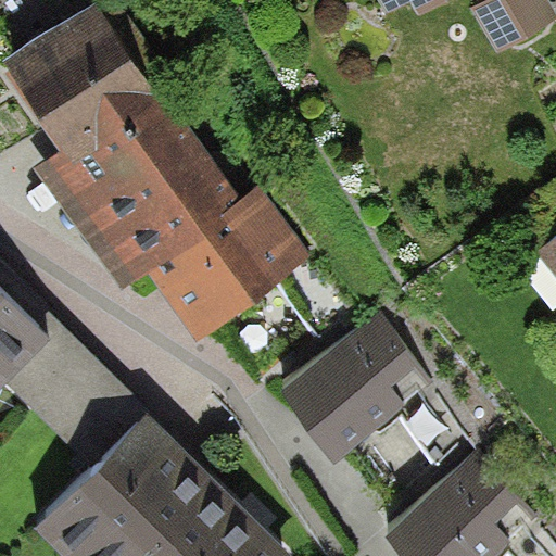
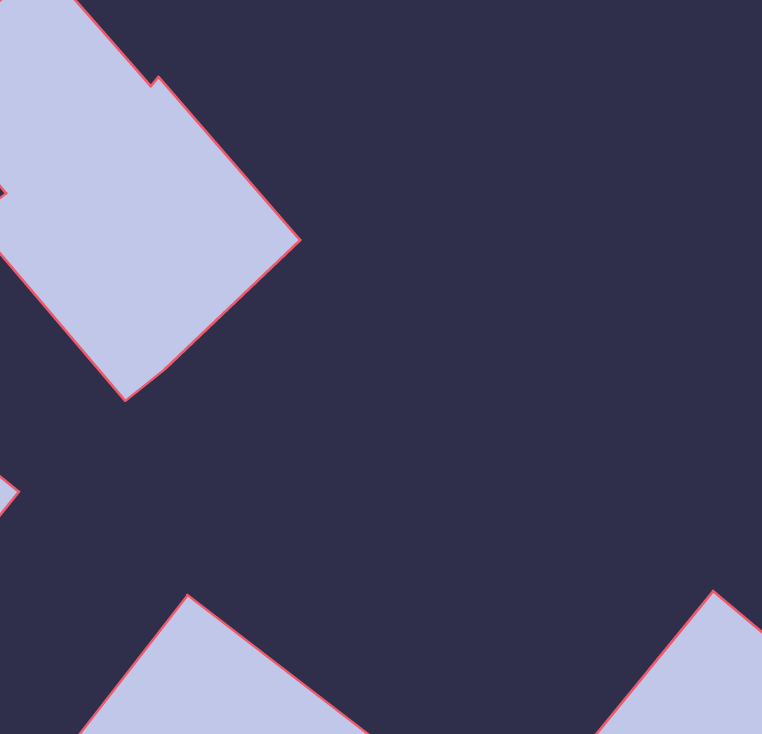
building: [147,187,313,341] -> none
building: [279,309,431,467] -> none

